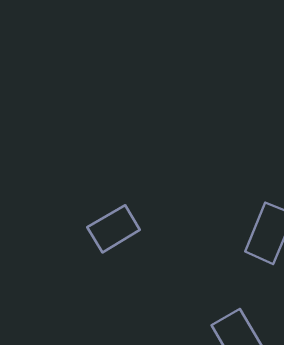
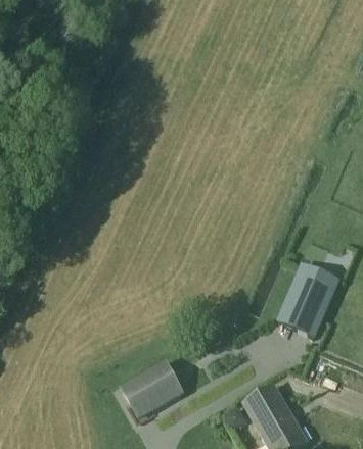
building: [87,205,140,252] -> [123,363,182,416]

